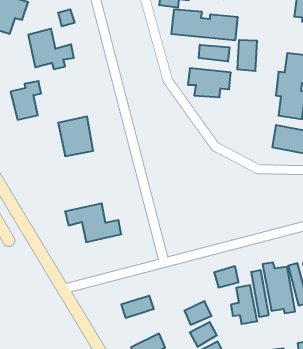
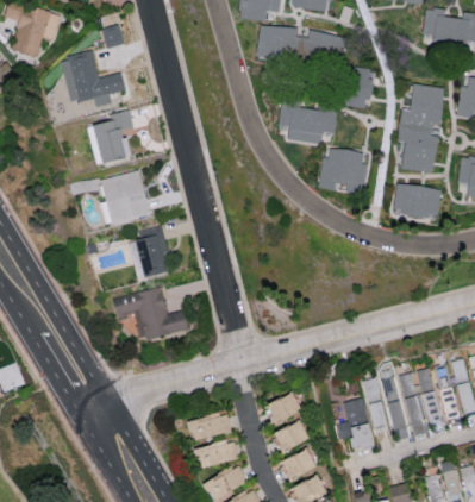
building: [199,45,229,62] -> none
building: [11,81,41,120] -> [92,111,133,163]
building: none -> [318,148,367,195]
building: none -> [135,226,168,277]
building: [214,266,239,287] -> [268,394,301,422]
building: none -> [195,441,238,468]

